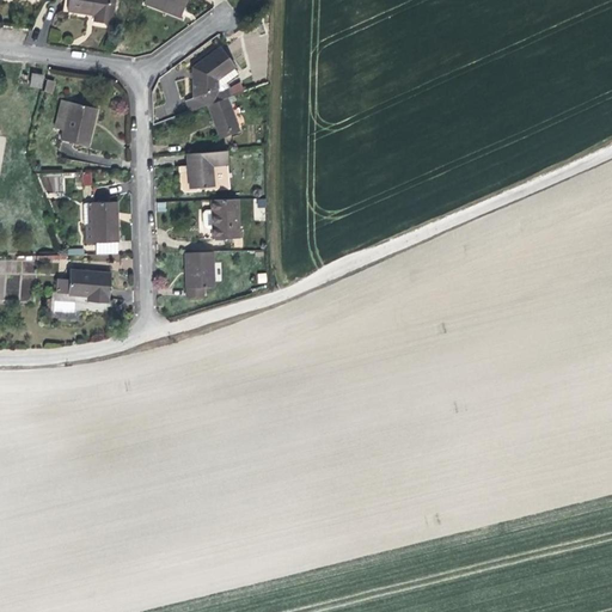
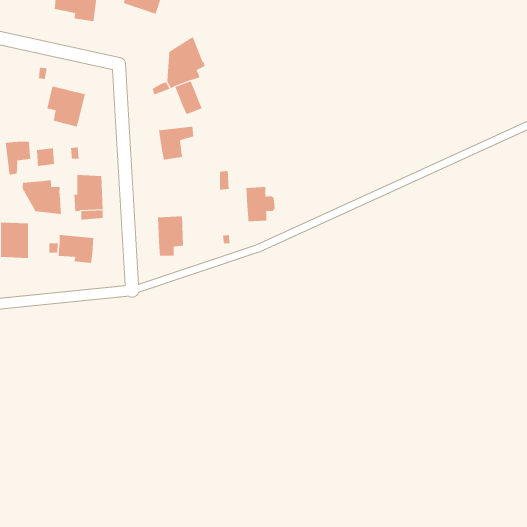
building: none -> [5,141,31,175]
building: [209,197,244,238] -> [245,187,275,222]
building: none -> [22,179,61,215]

